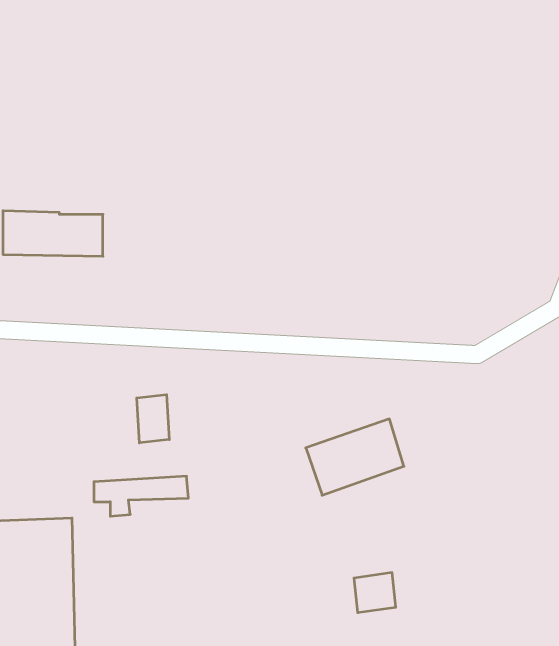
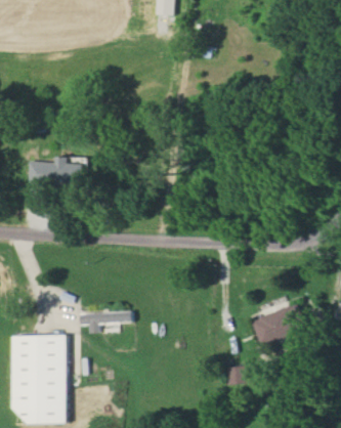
building: [137,395,169,443] -> none
building: [306,419,404,495] -> [250,303,305,346]

